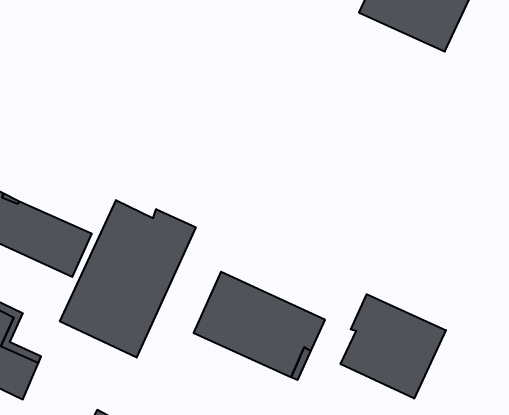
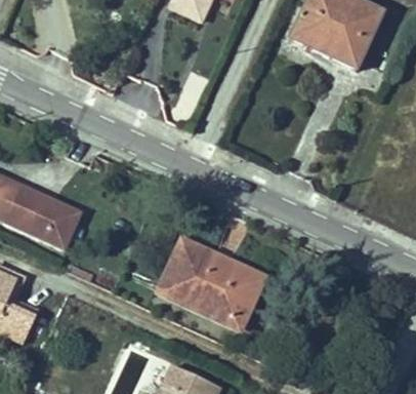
building: [60,200,196,358] -> none
building: [341,294,446,399] -> none

